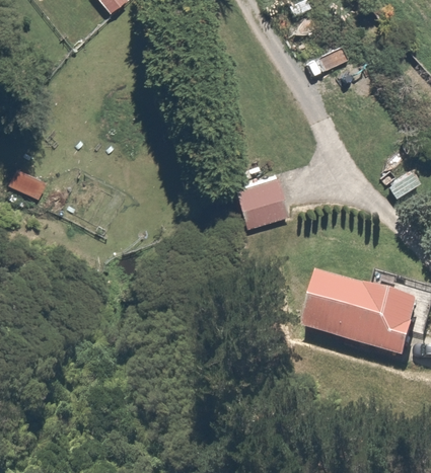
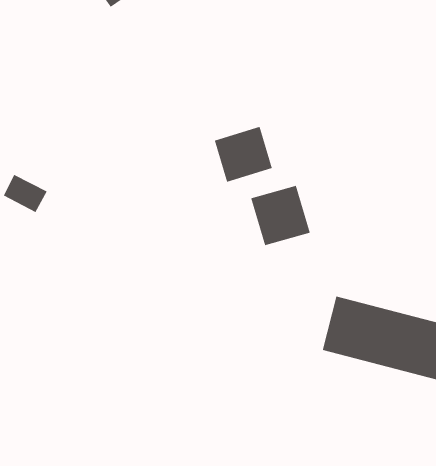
building: none -> [214,126,273,183]

